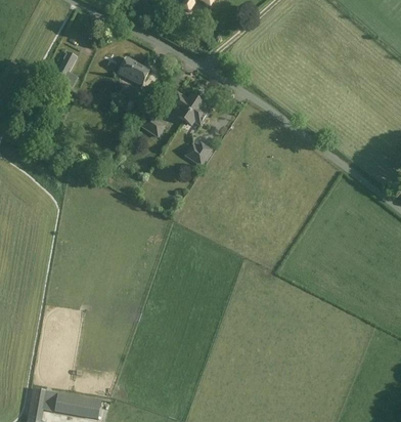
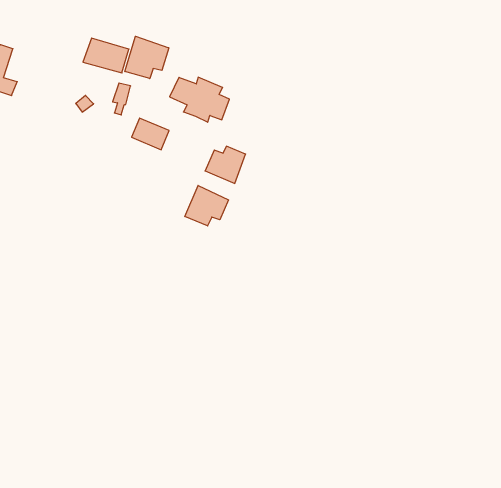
building: none -> [125,36,169,79]
building: none -> [185,185,228,226]

